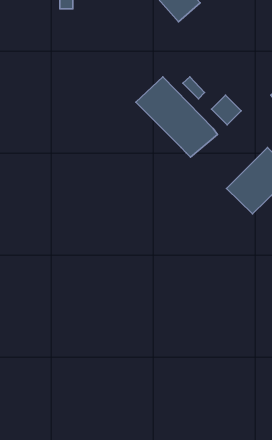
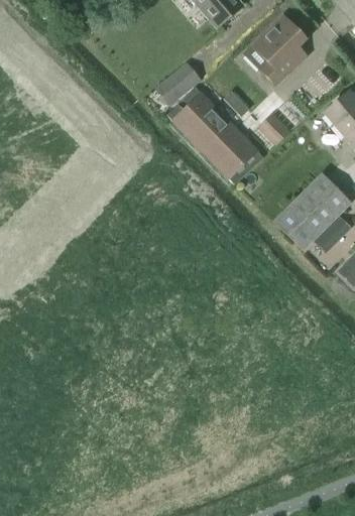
building: none -> [243,15,307,85]
building: none -> [153,61,200,106]

